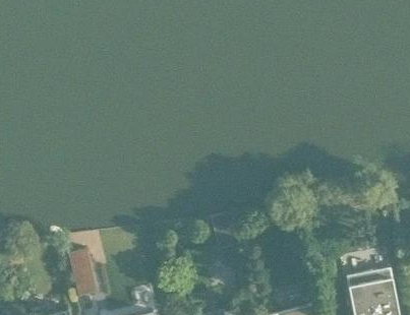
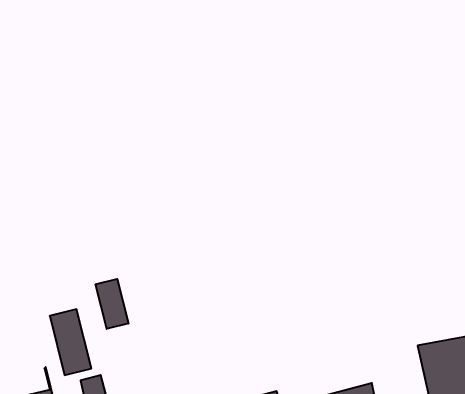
building: none -> [96,279,128,329]

